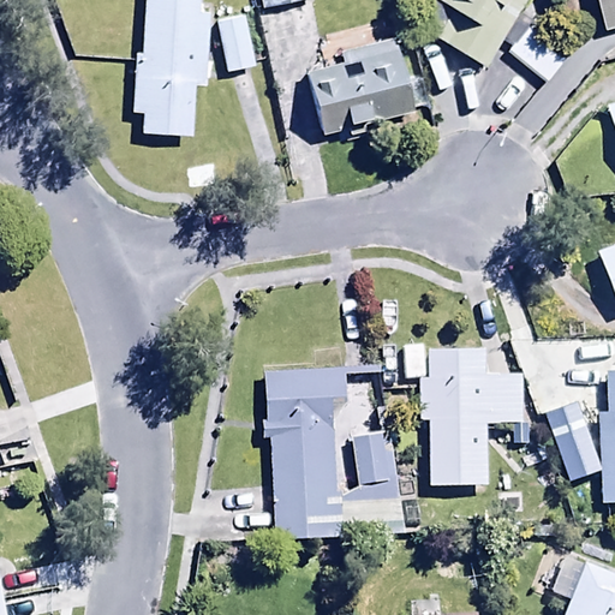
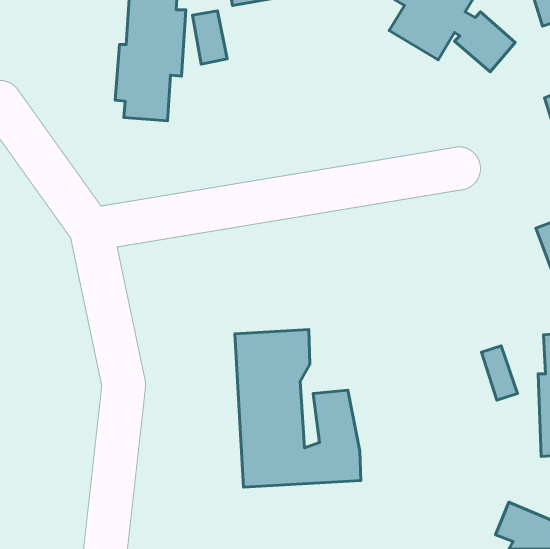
building: [309,36,417,133] -> none
building: [422,352,524,488] -> none

